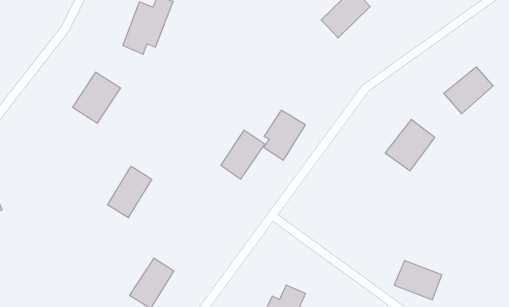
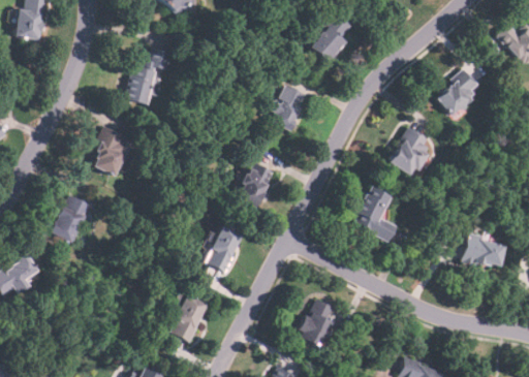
building: [264,110,305,160] -> [270,84,307,130]
building: none -> [50,193,89,243]
building: [107,166,152,218] -> [206,223,244,272]
building: none -> [353,186,397,242]
building: [394,260,442,300] -> [462,235,505,269]

